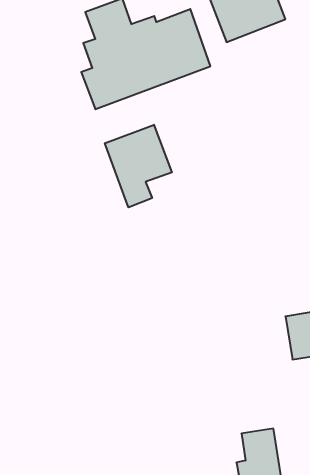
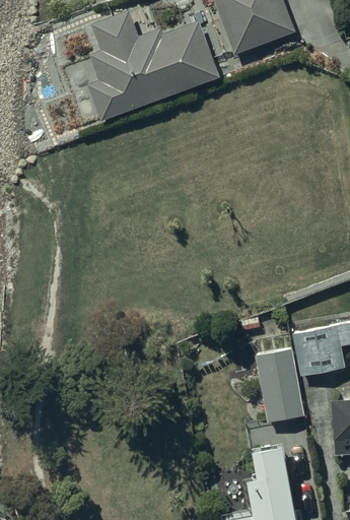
building: [105,125,172,207] -> none
building: none -> [257,348,305,420]

